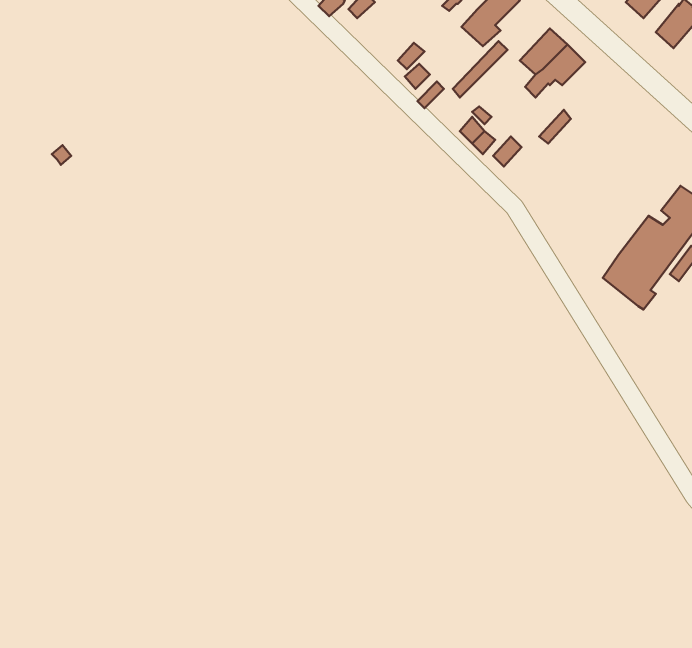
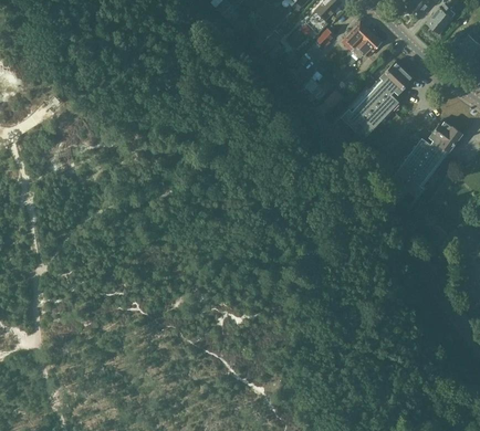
building: none -> [341,61,413,138]

